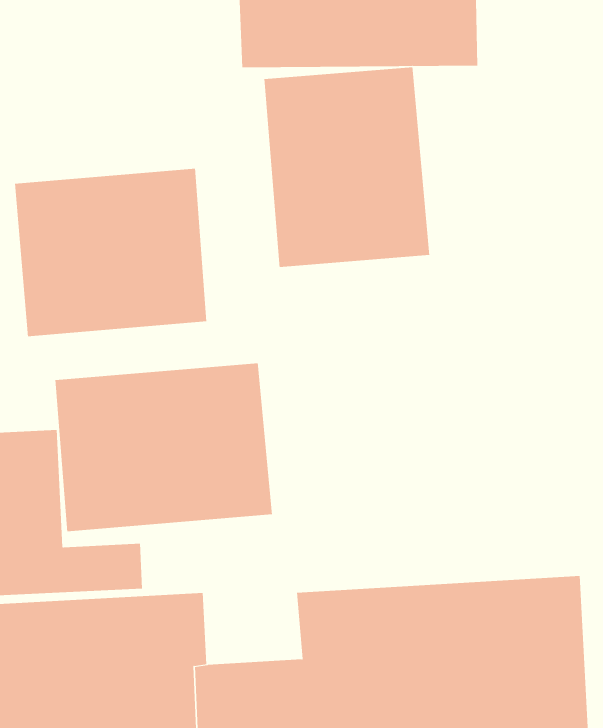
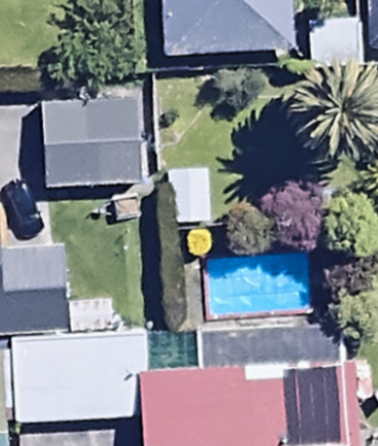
building: [264,66,430,268] -> none
building: [55,363,272,532] -> none

